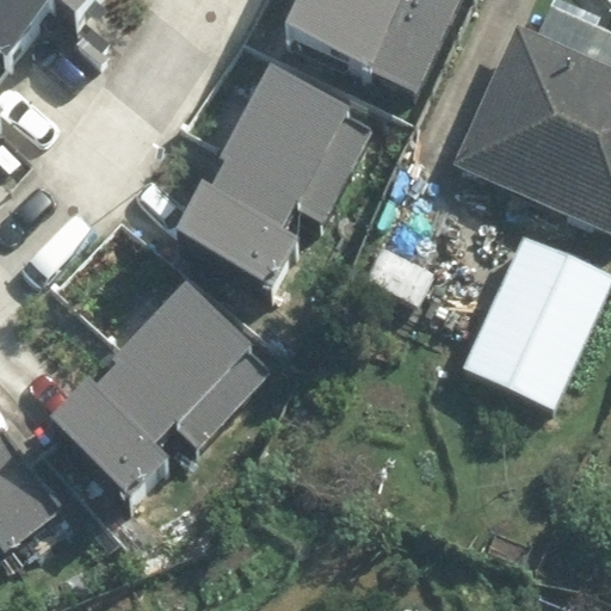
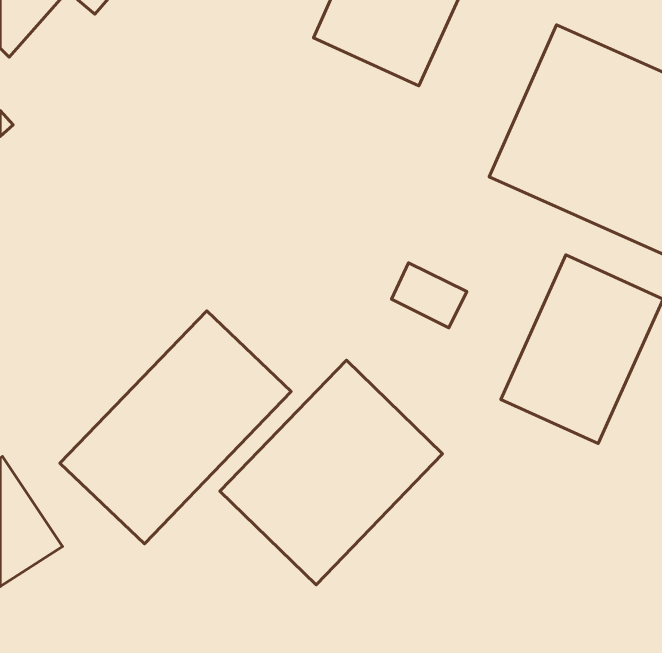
building: [183,70,368,291] -> none
building: none -> [220,360,443,585]

